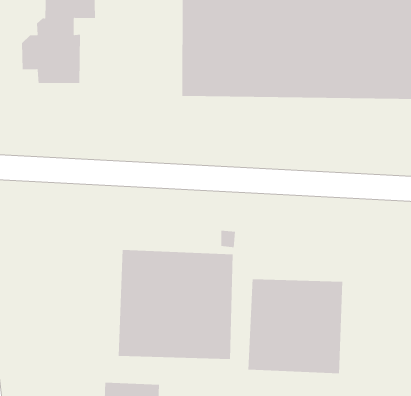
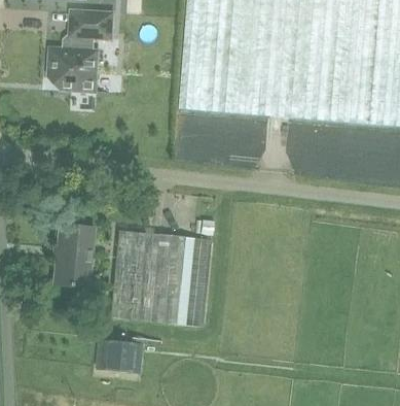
building: none -> [54,225,94,286]
building: [248,278,343,374] -> none

